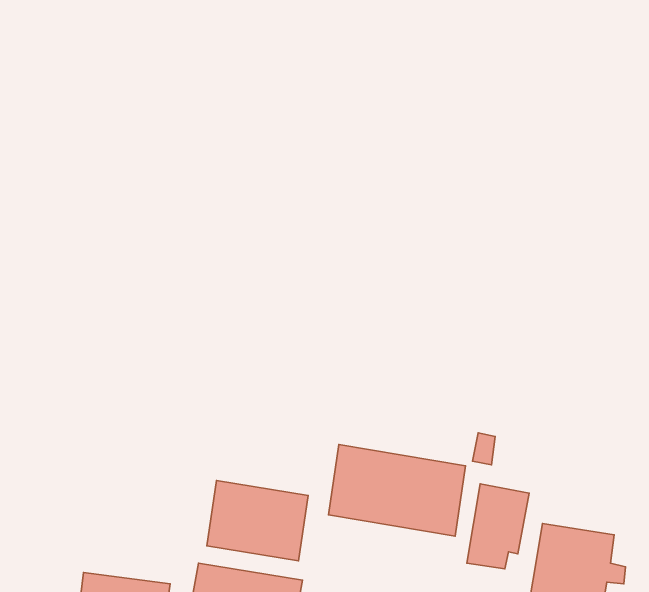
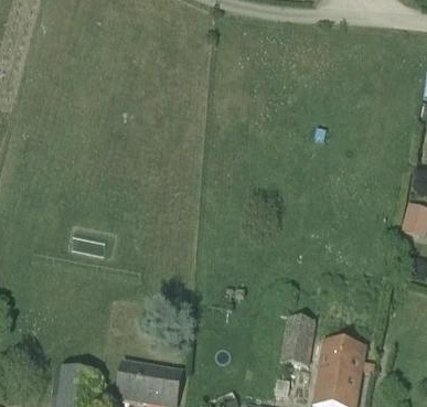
building: [328,445,466,536] -> none
building: [207,480,308,561] -> none

